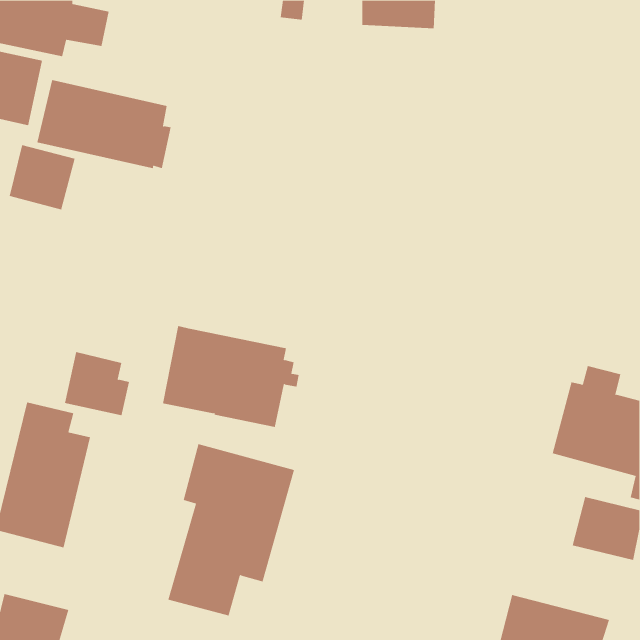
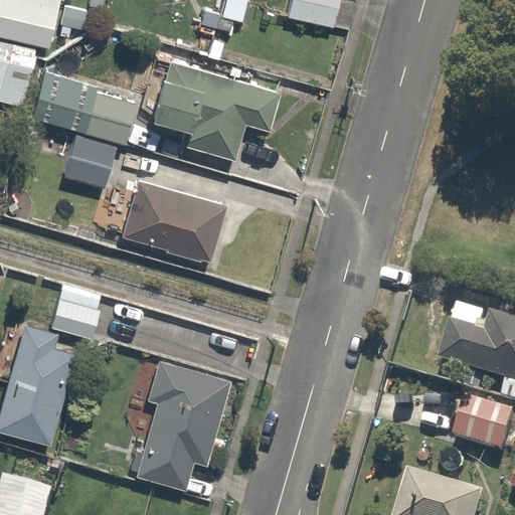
building: none -> [153,63,282,159]
building: [9,145,76,210] -> [61,135,115,187]
building: [162,326,300,428] -> [121,179,230,261]

